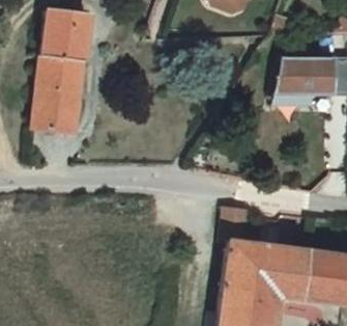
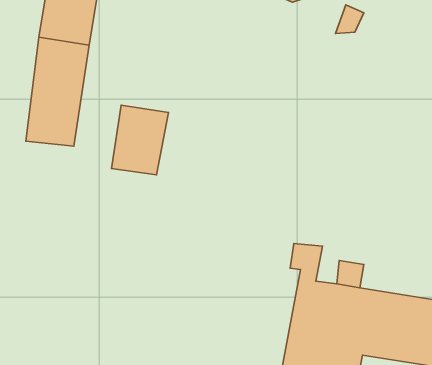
building: [273,58,337,112] -> none
building: none -> [111,105,169,175]

